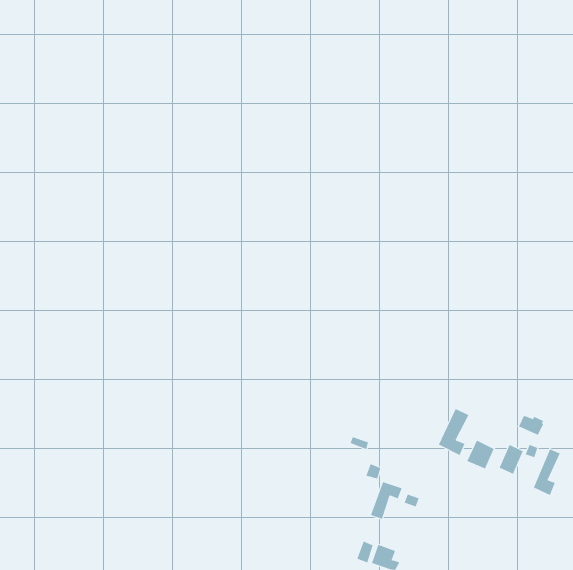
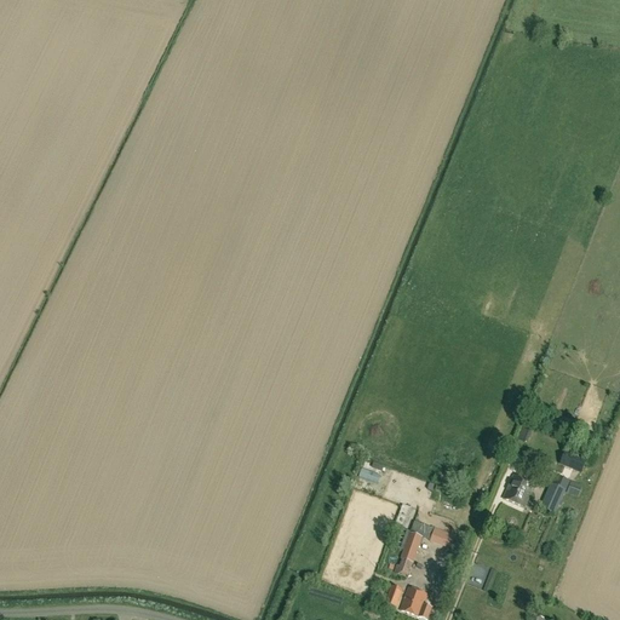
building: [438,408,469,456] -> none
building: [533,448,561,496] -> none

